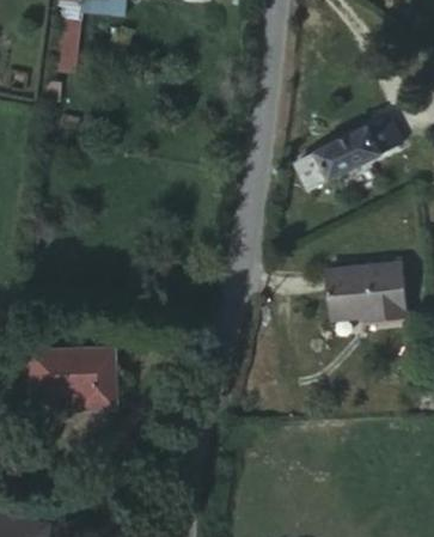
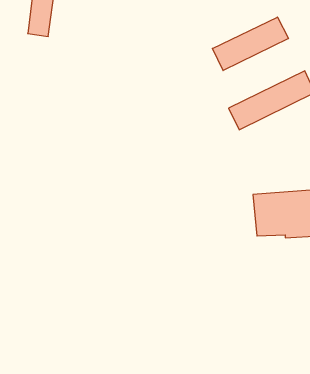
building: none -> [212,17,288,71]
building: [23,338,112,404] -> none

